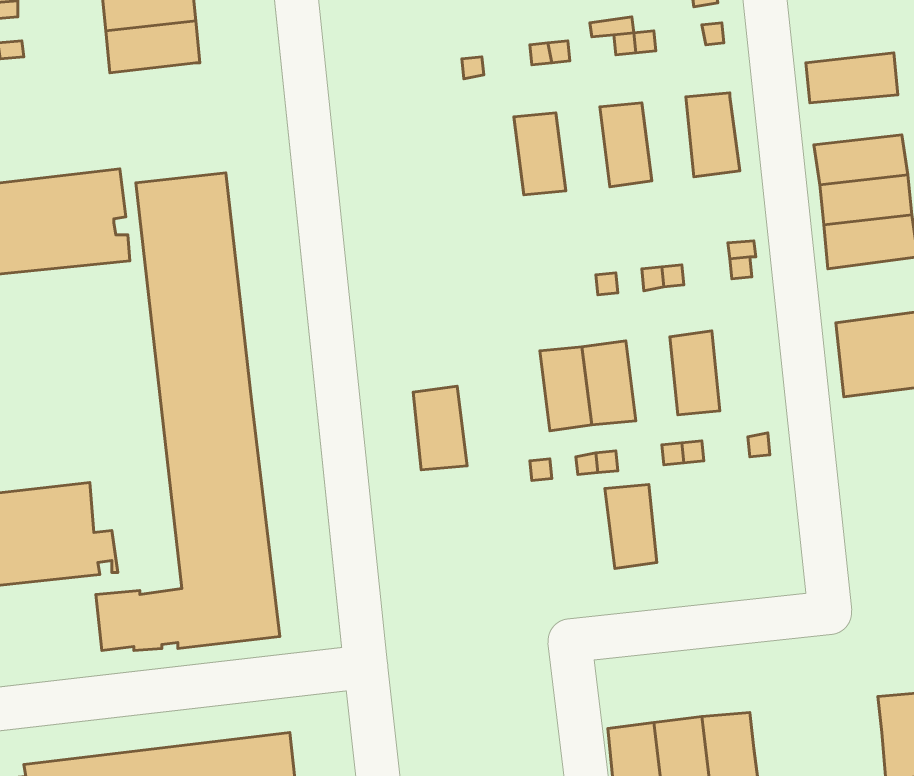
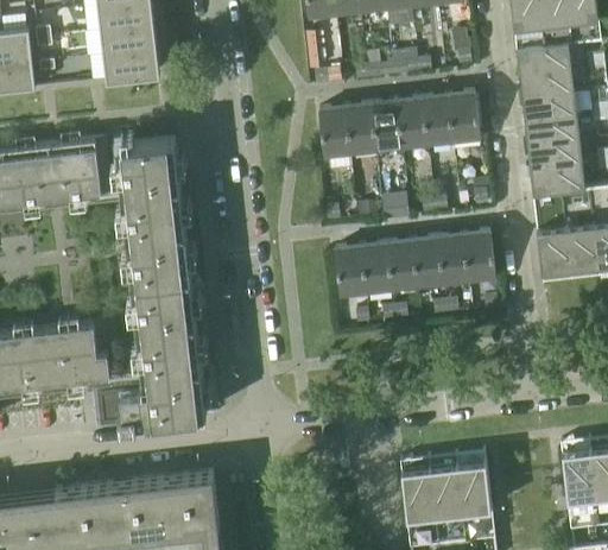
building: none -> [515,44,571,75]
building: none -> [521,94,576,124]
building: none -> [422,95,452,145]
building: none -> [370,101,403,151]
building: none -> [318,107,353,169]
building: none -> [463,232,495,282]
building: [413,386,467,470] -> [335,246,367,296]
building: [605,485,657,569] -> [412,238,443,287]

